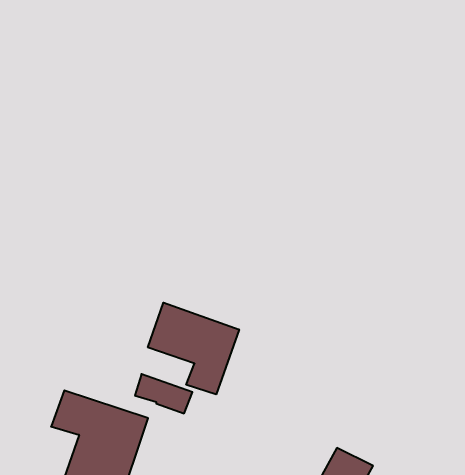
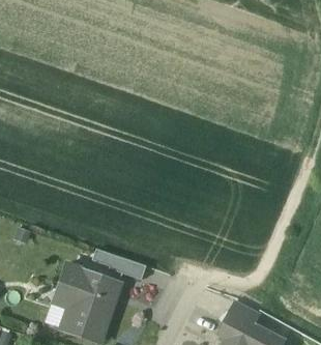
building: [148,303,239,394] -> none

